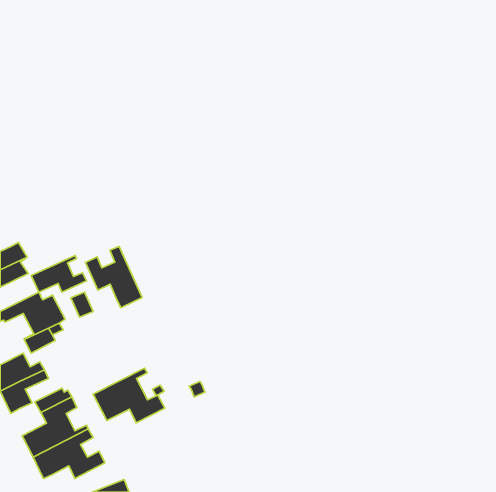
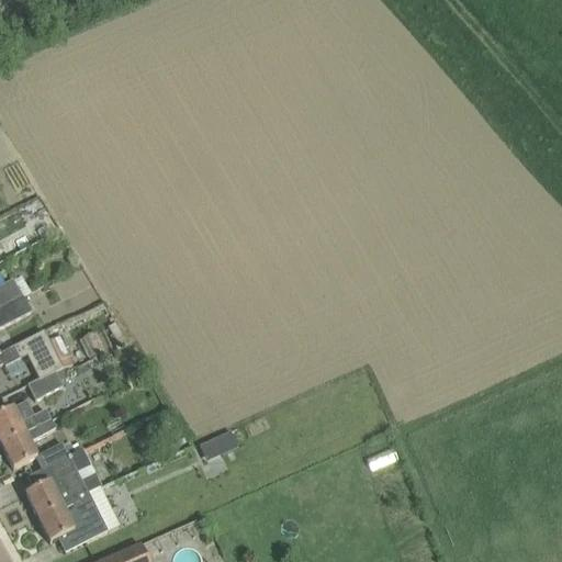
building: [85,246,142,307] -> none
building: [31,256,86,292] -> none
building: [93,368,165,423] -> none

